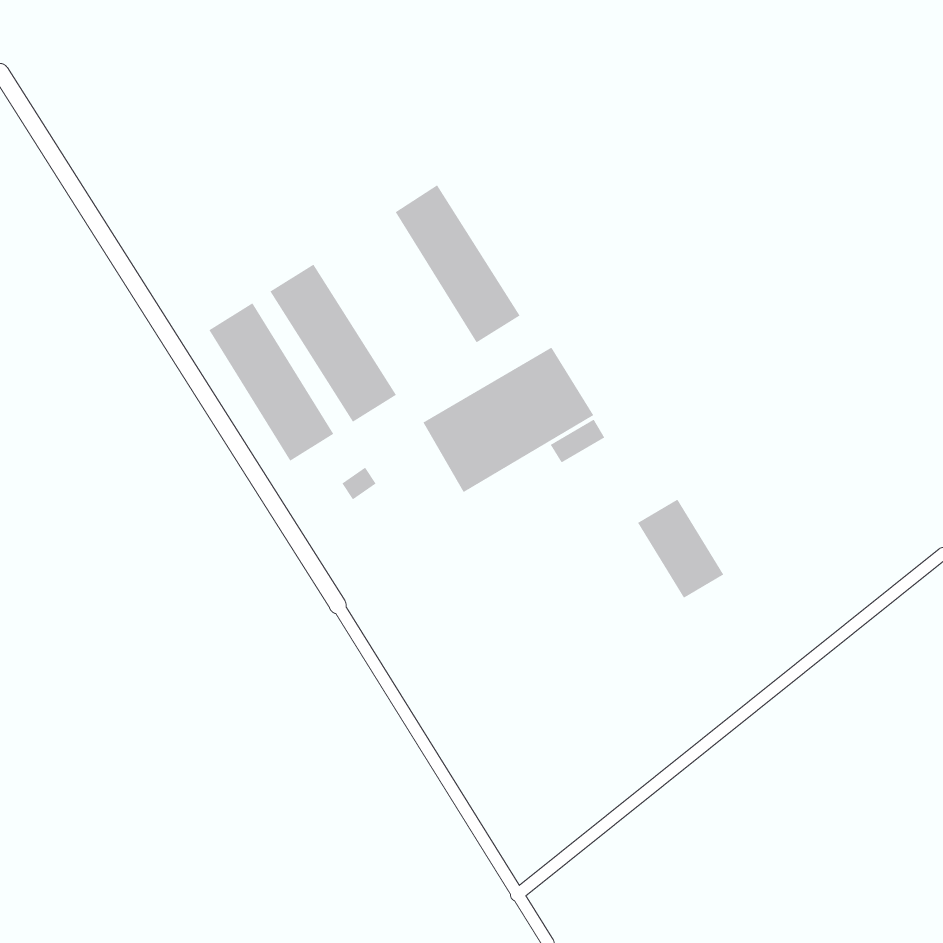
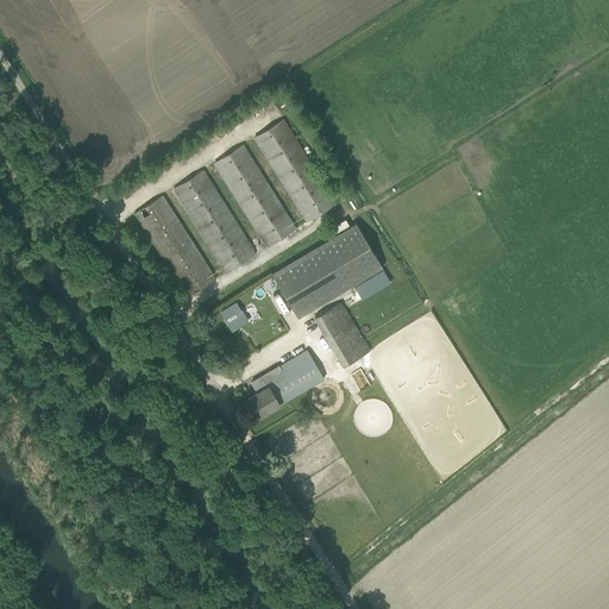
building: none -> [214,145,295,247]
building: [637,499,724,599] -> [314,302,370,366]
building: none -> [249,350,324,416]

